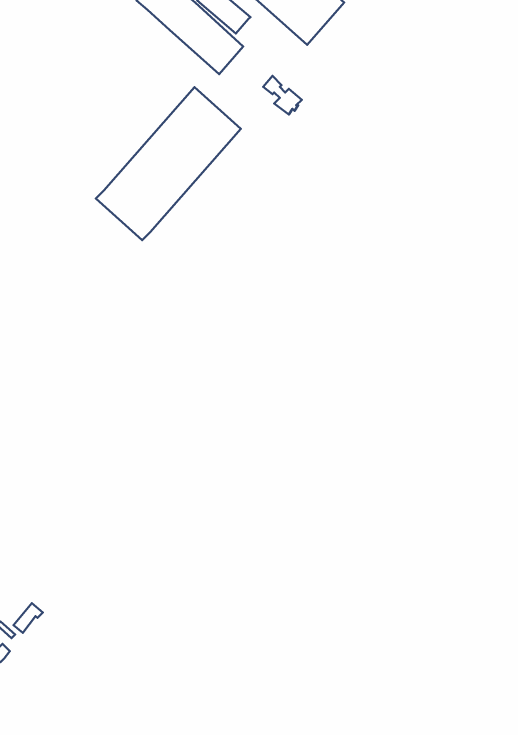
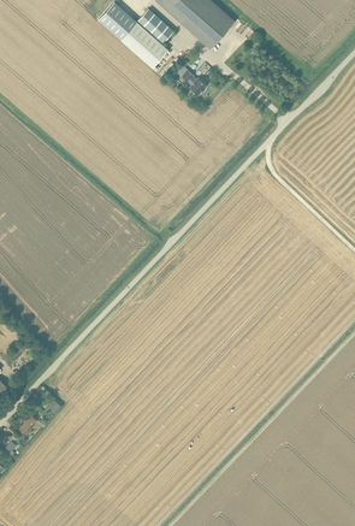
building: [96,87,241,240] -> none

